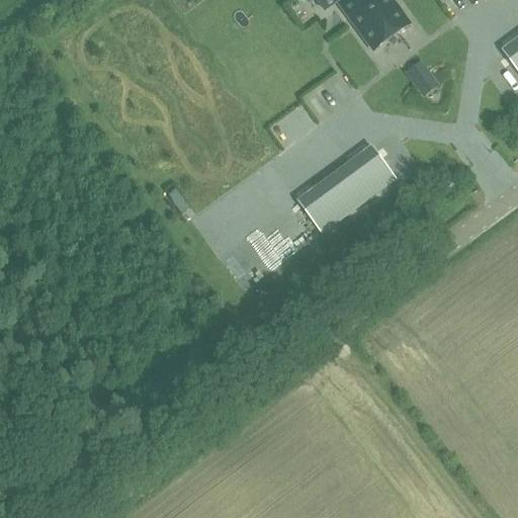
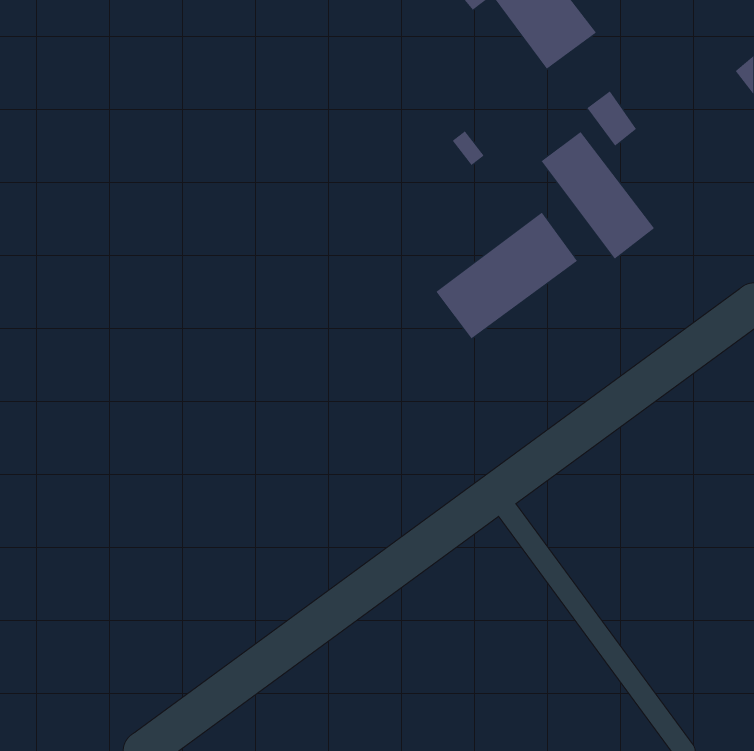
building: none -> [541,131,655,260]

